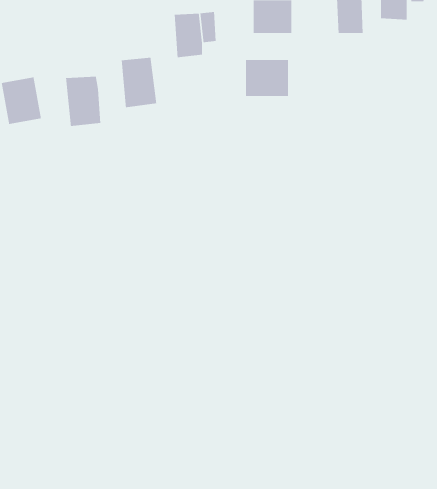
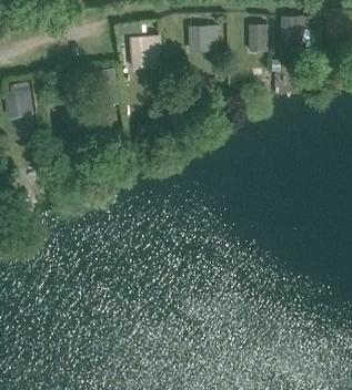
building: [245,59,289,97] -> none
building: [65,76,101,127] -> none

